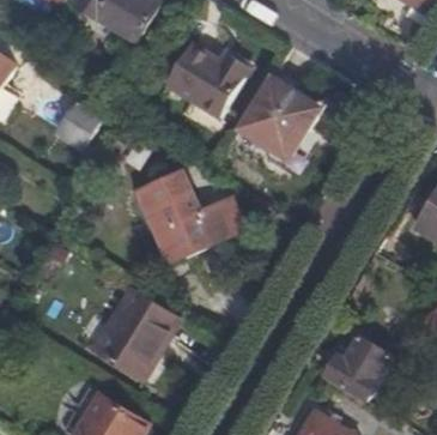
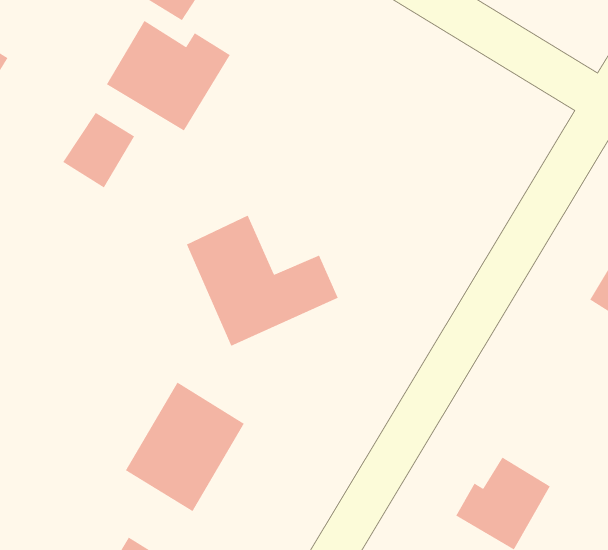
building: [166,43,253,120] -> [106,20,231,131]
building: [241,73,315,146] -> none

